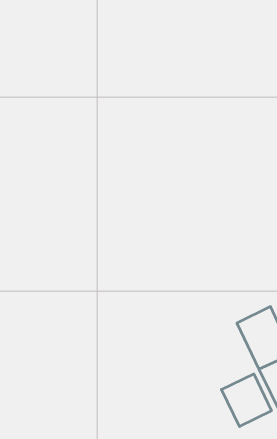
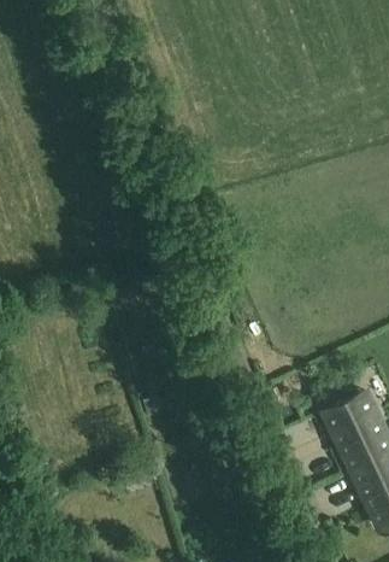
building: [221,374,271,427] -> none

